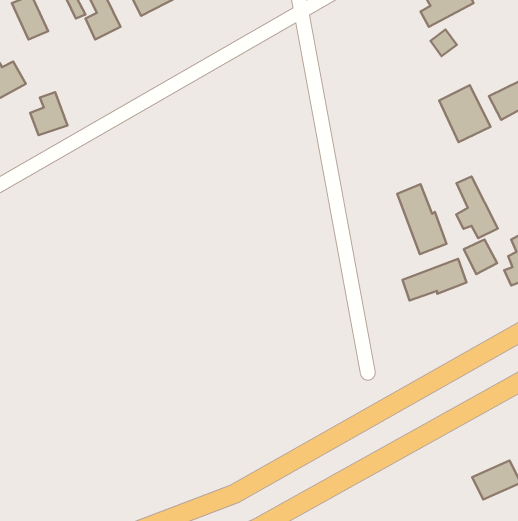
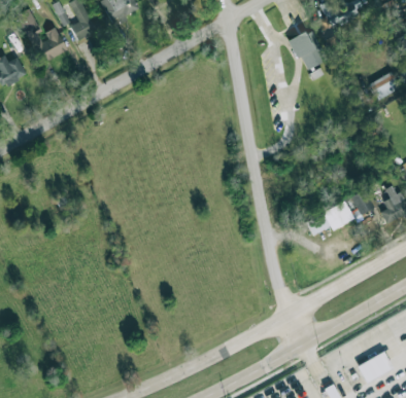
building: [439,85,491,142] -> [290,29,328,71]
building: [30,92,68,135] -> [38,28,66,60]
building: [456,176,498,238] -> none
building: [397,184,446,254] -> none

